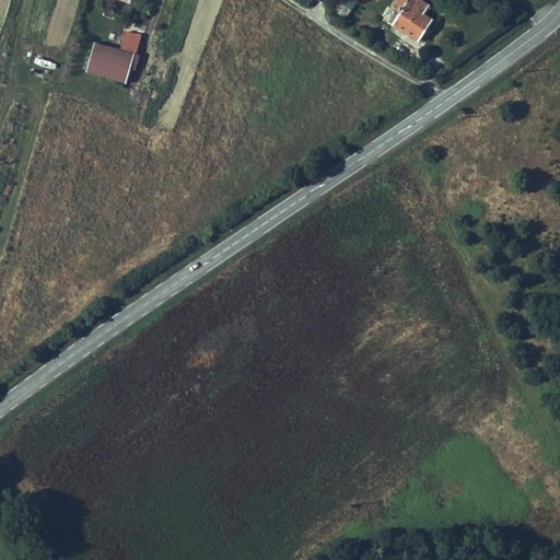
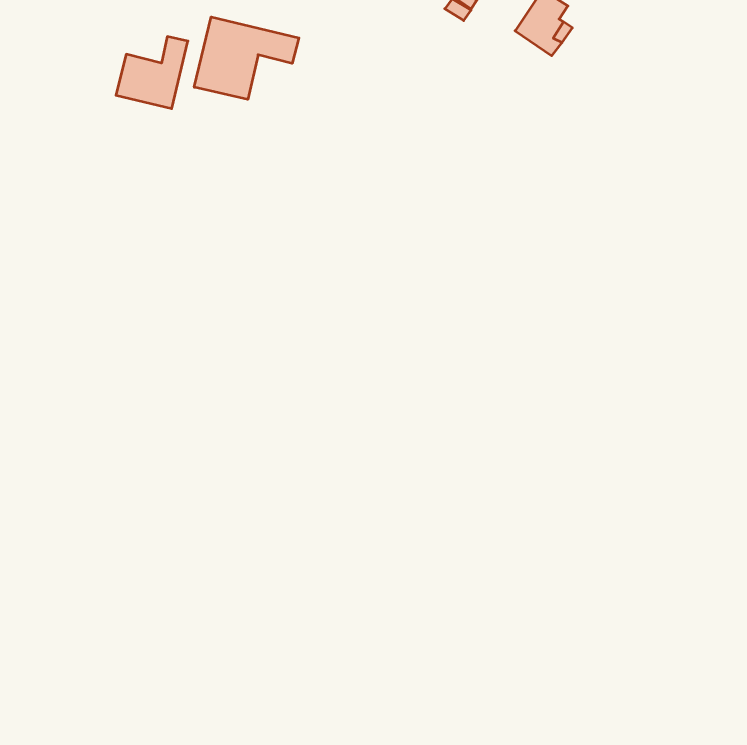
building: none -> [194,17,299,99]

